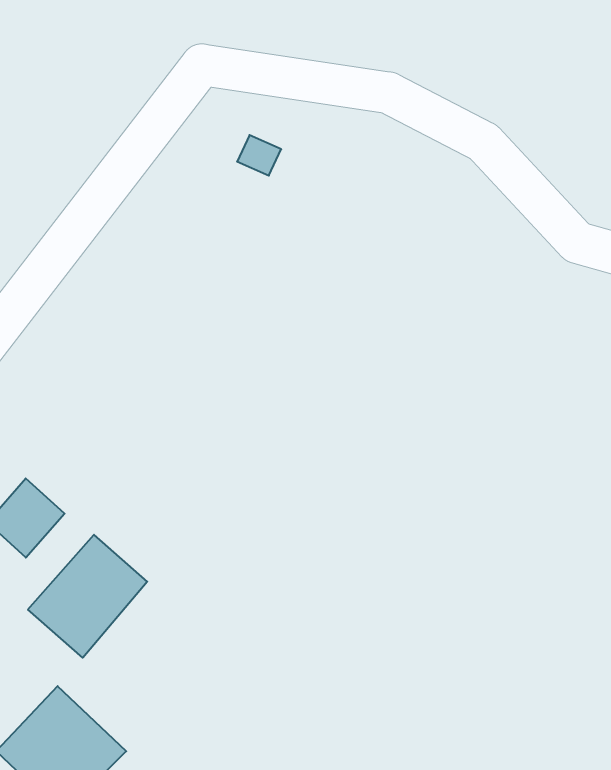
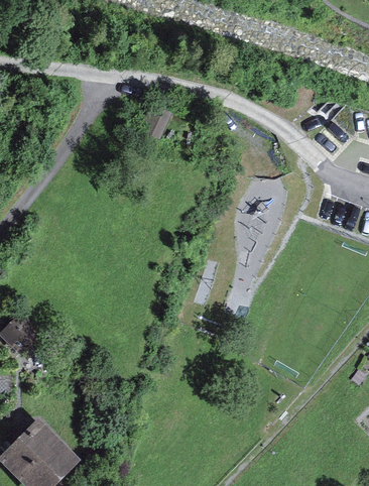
building: [28,535,147,658] -> none

